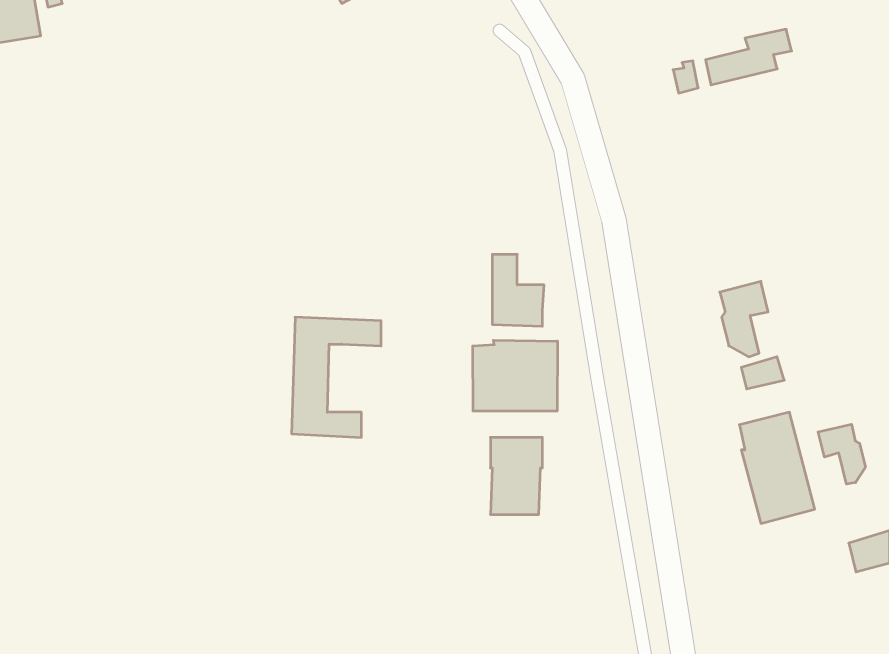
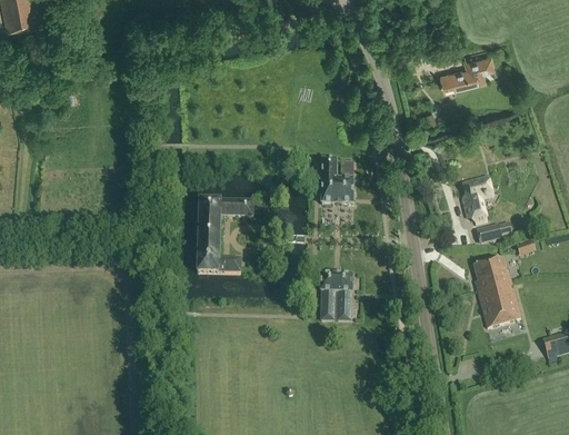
building: [706,29,792,85] -> [440,57,493,91]
building: [473,340,557,411] -> none
building: [818,424,865,484] -> none

